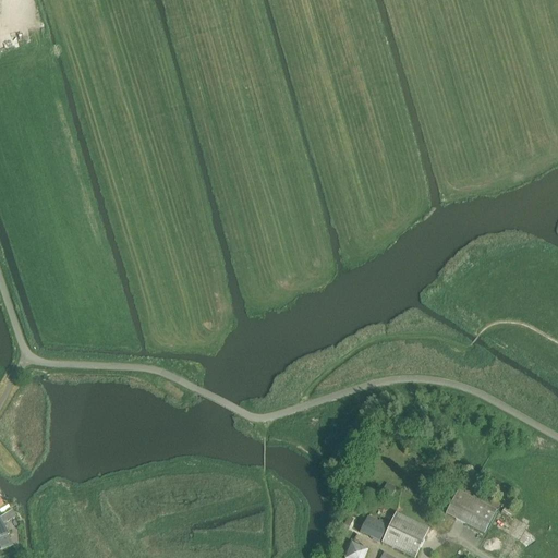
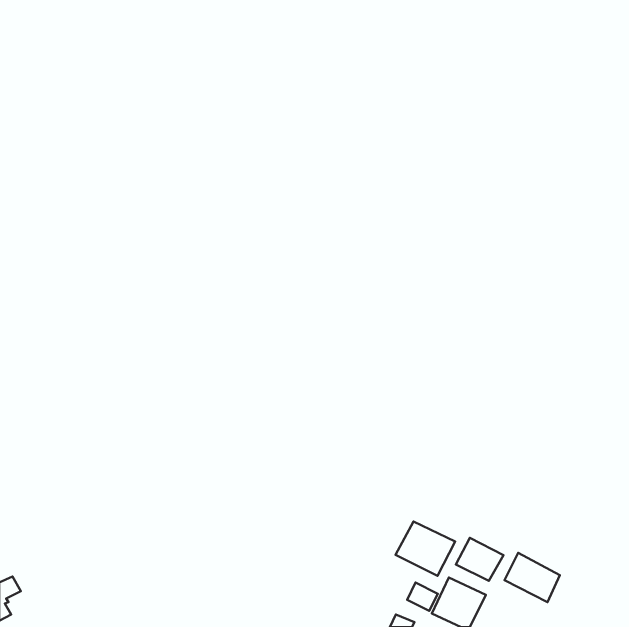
building: none -> [395,521,455,576]
building: none -> [456,538,504,581]

